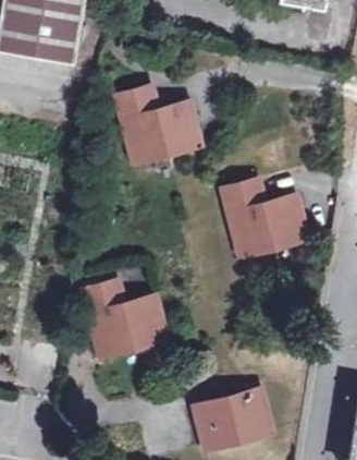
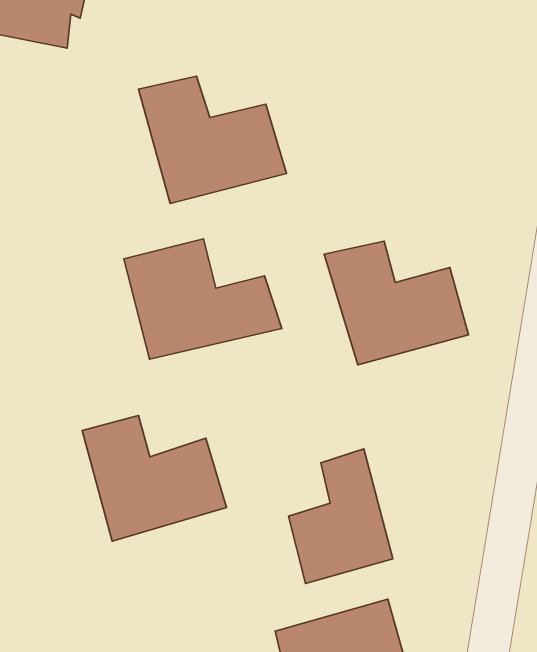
building: none -> [124,239,282,359]
building: none -> [288,449,393,583]

